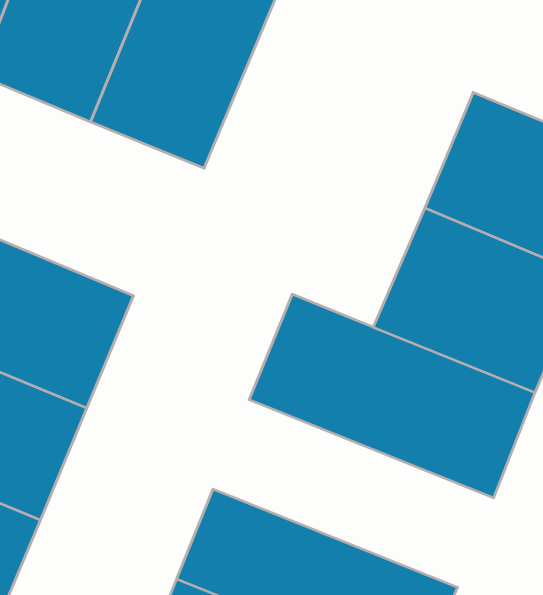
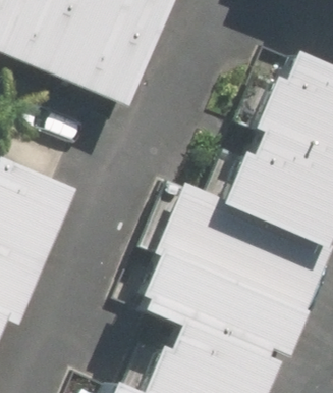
building: none -> [131,246,297,357]

